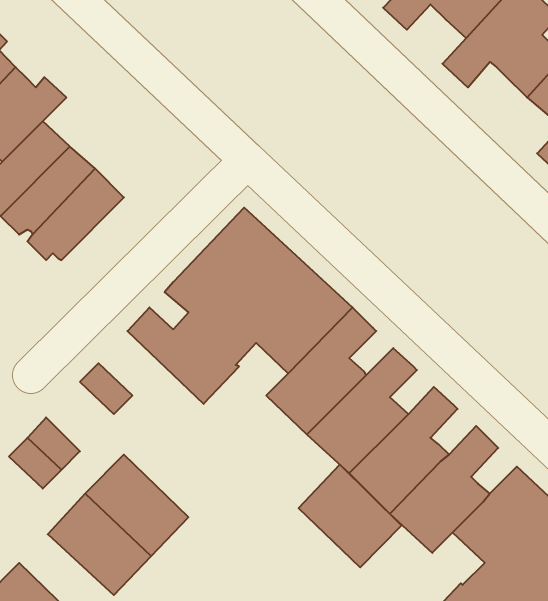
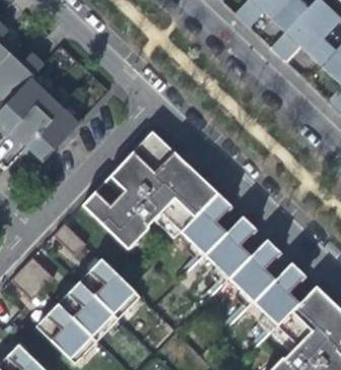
building: none -> [80,257,140,316]
building: [299,465,401,567] -> none

